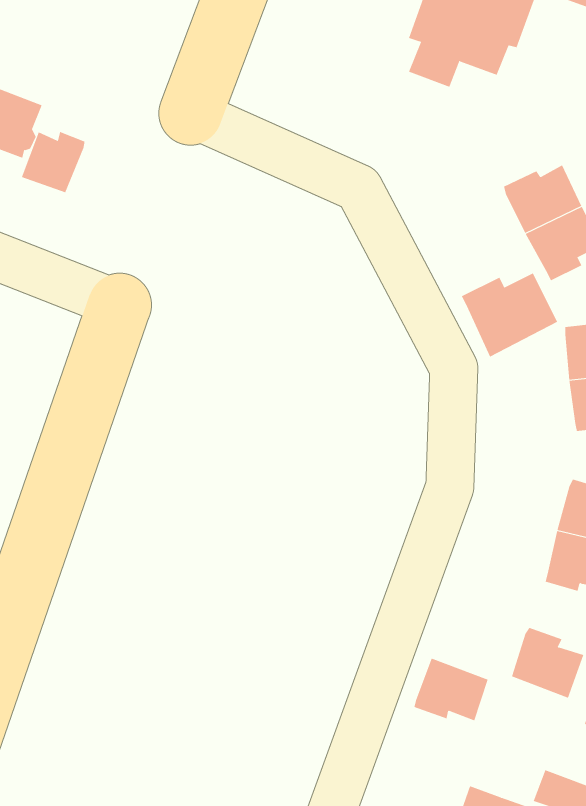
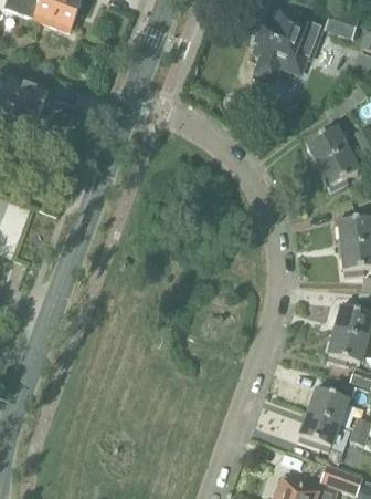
building: [21,131,85,193] -> none
building: [461,272,558,357] -> none
building: [413,658,489,721] -> [298,413,340,448]

